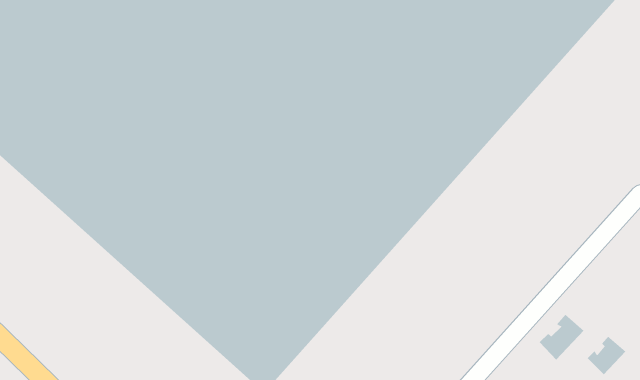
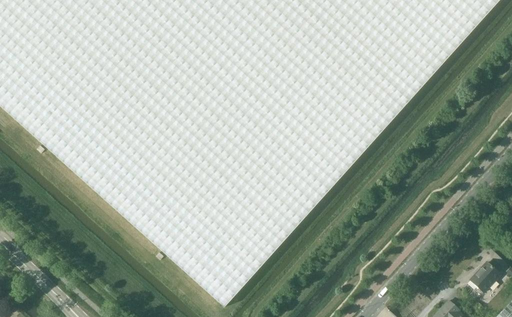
building: [539,314,584,361] -> none

